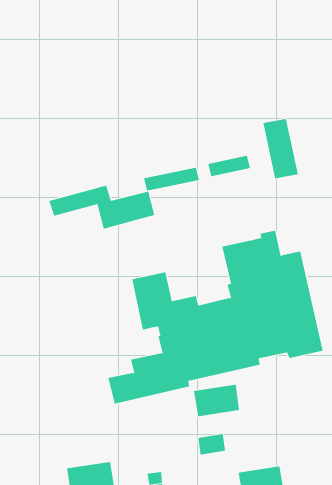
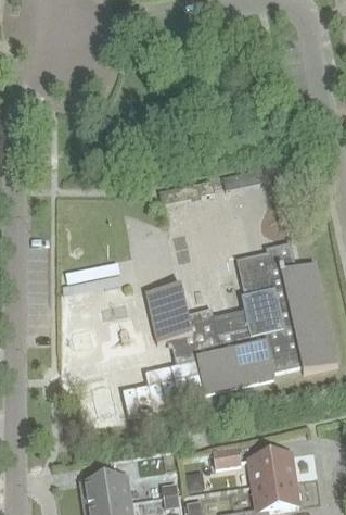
building: [263,118,298,179] -> none
building: [49,185,155,230] -> none
building: [193,384,240,417] -> [247,452,294,485]

